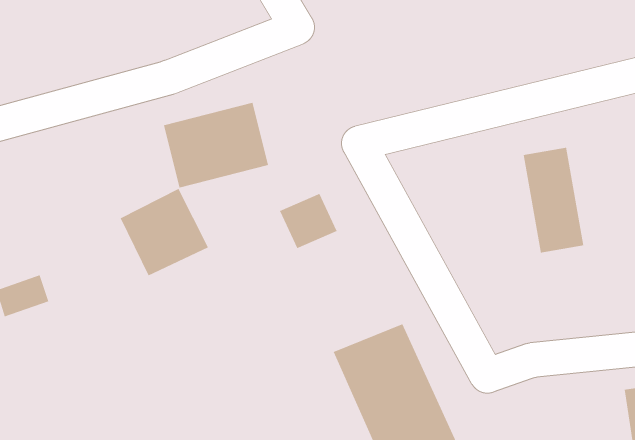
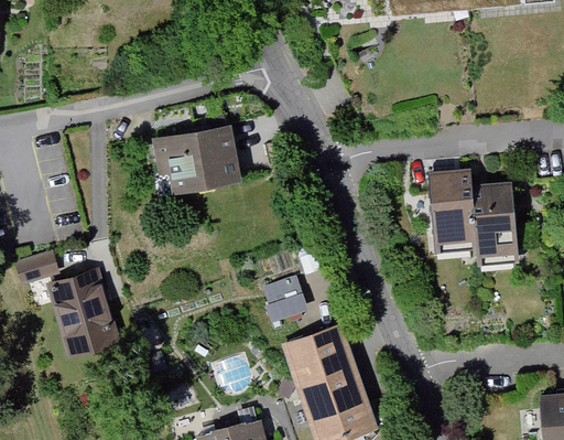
building: none -> [416,165,464,251]
building: [120,188,209,276] -> [51,266,123,337]
building: [279,193,337,249] -> [260,273,307,319]

